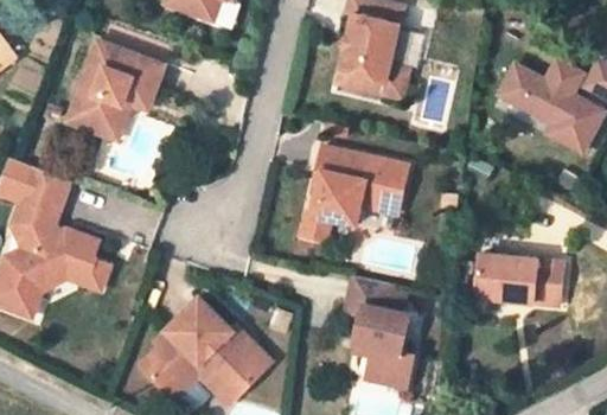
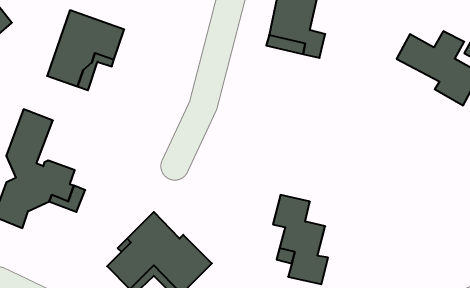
building: [302,151,408,245] -> none
building: [478,254,566,307] -> none

